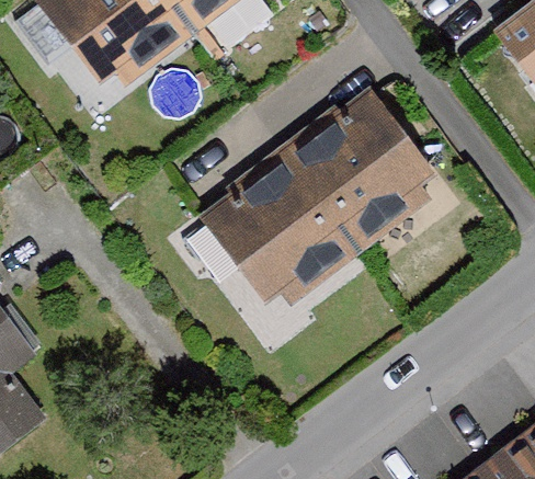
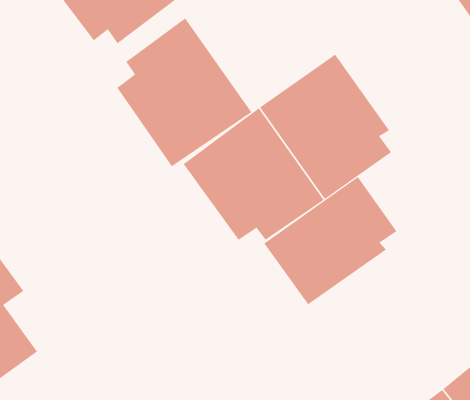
building: none -> [117,18,252,167]
building: none -> [264,176,397,305]

